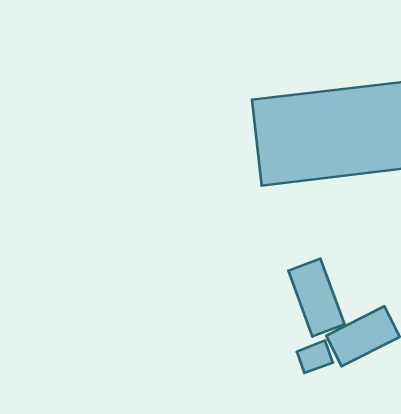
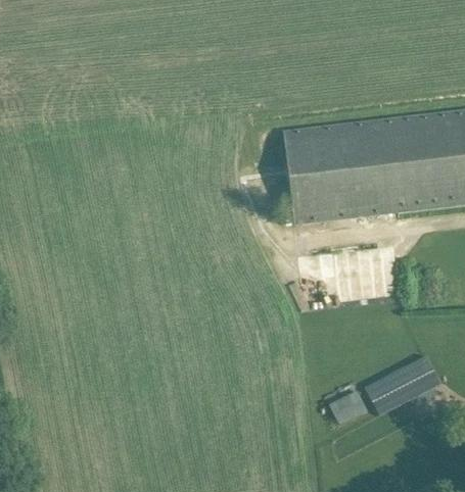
building: [288,259,345,337] -> none

